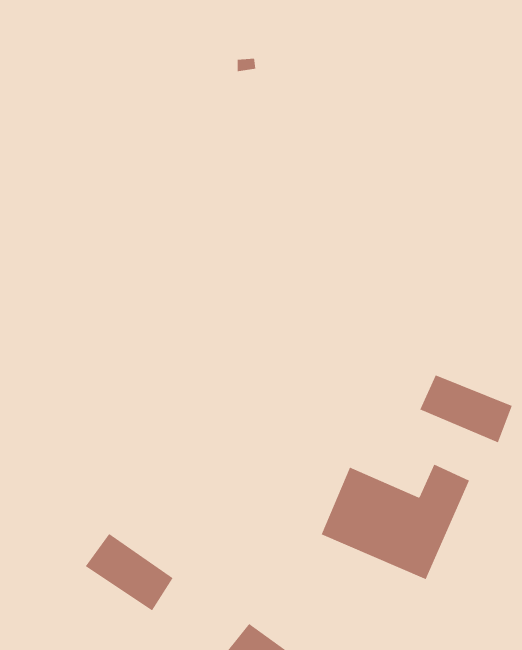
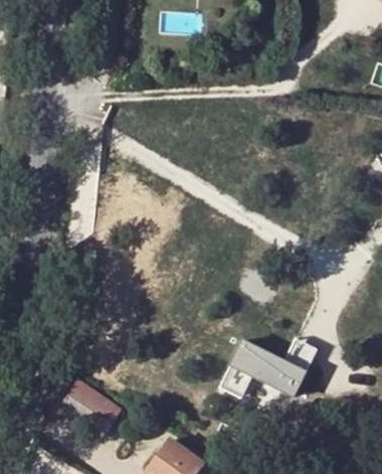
building: [420,374,512,443] -> none

